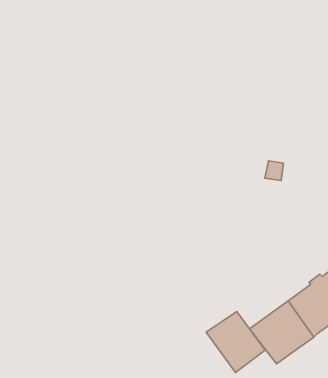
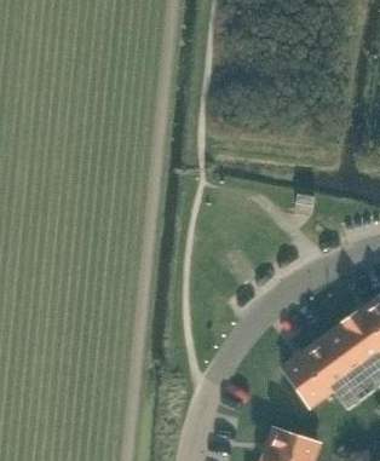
building: [206,311,265,372] -> none

